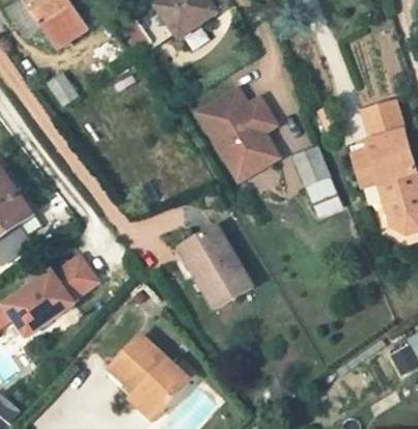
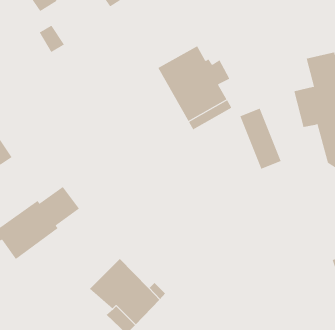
building: [178,226,256,310] -> none

